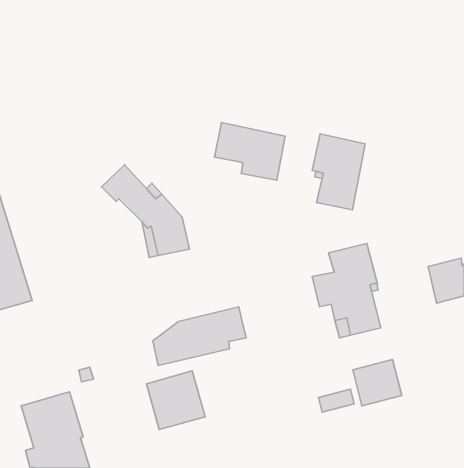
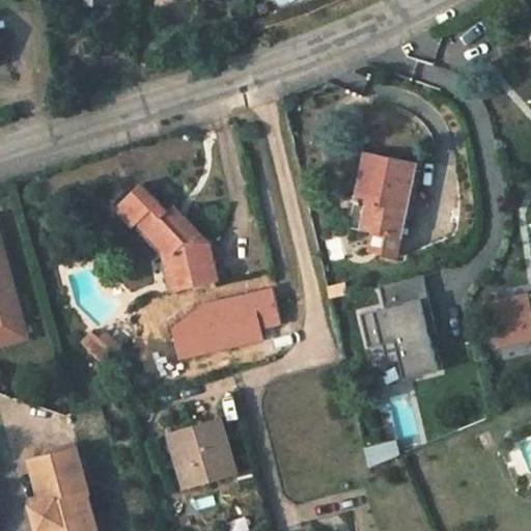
building: [214,123,285,180] -> none
building: [153,307,246,365] -> [169,290,275,357]
building: [353,360,402,406] -> none

